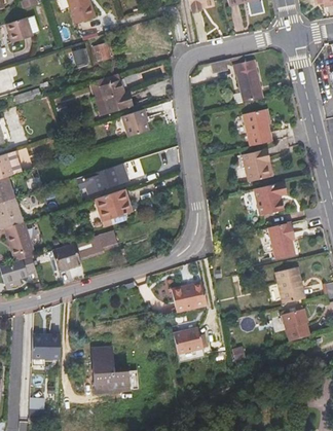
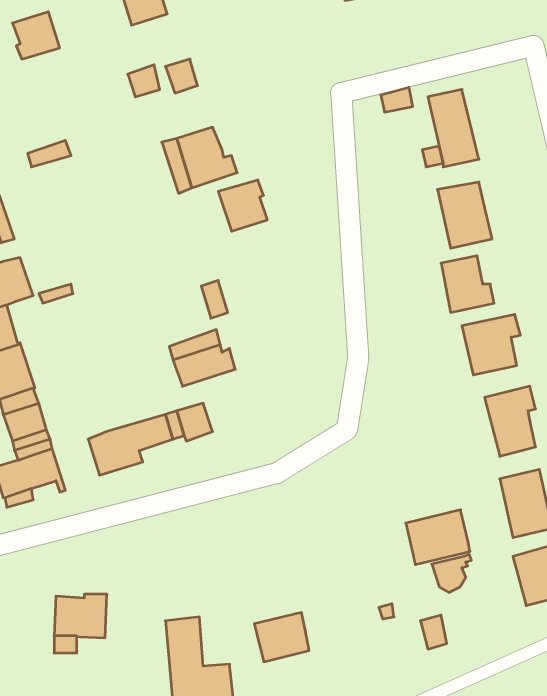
building: [82,167,117,190] -> none
building: [172,281,207,311] -> [406,510,470,565]
building: [173,326,202,353] -> [254,613,309,662]

